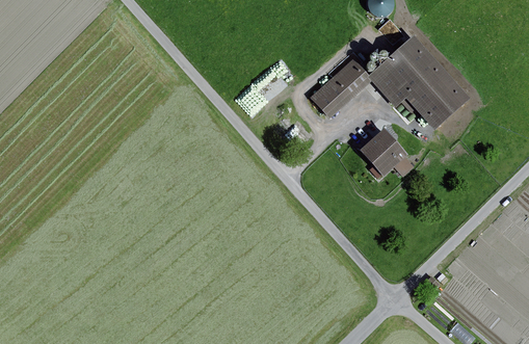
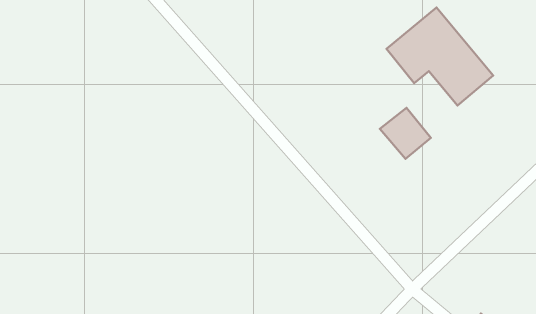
building: [309,61,368,116] -> none

